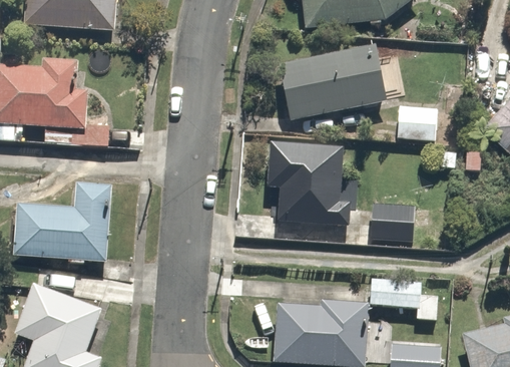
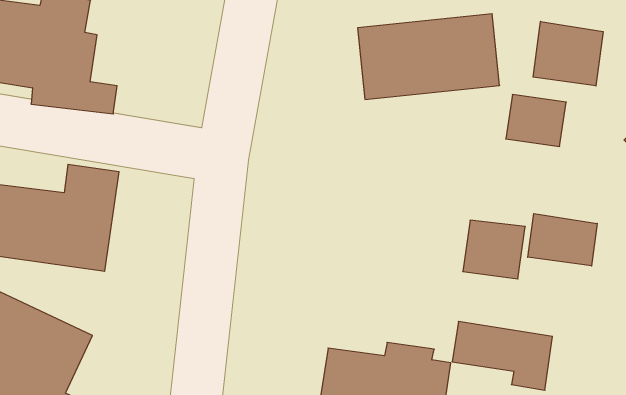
building: none -> [533,21,603,86]
building: [267,138,350,223] -> none
building: none -> [528,214,597,266]

